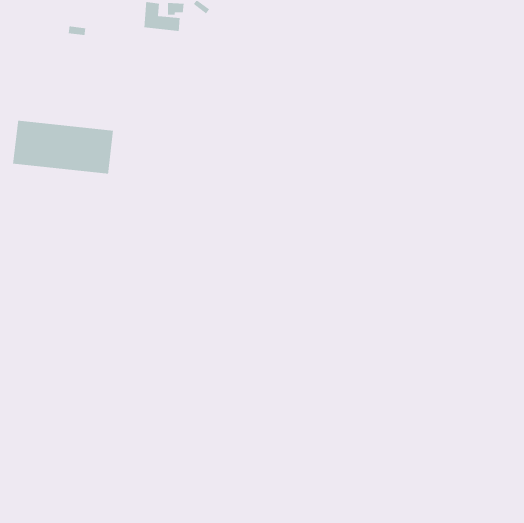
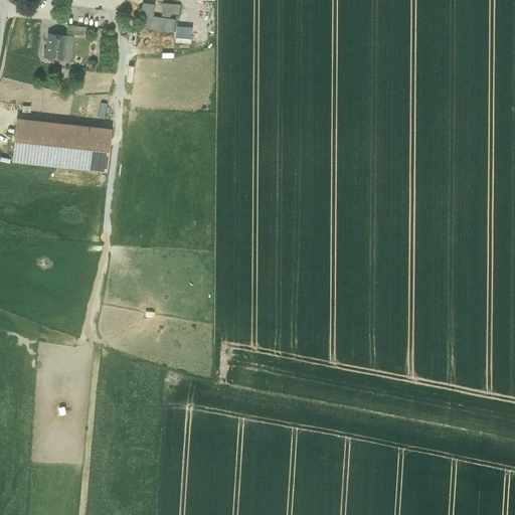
building: none -> [44,34,66,59]

